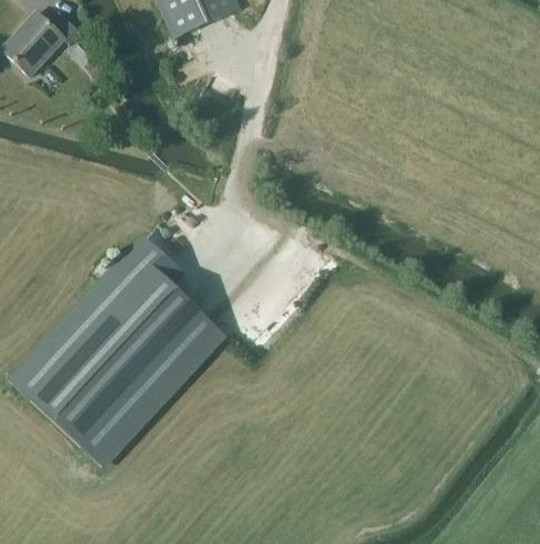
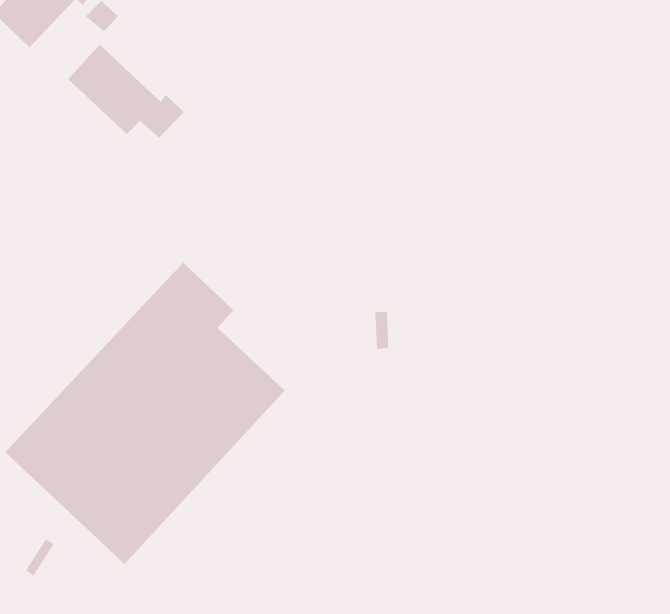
building: none -> [67,44,185,139]

